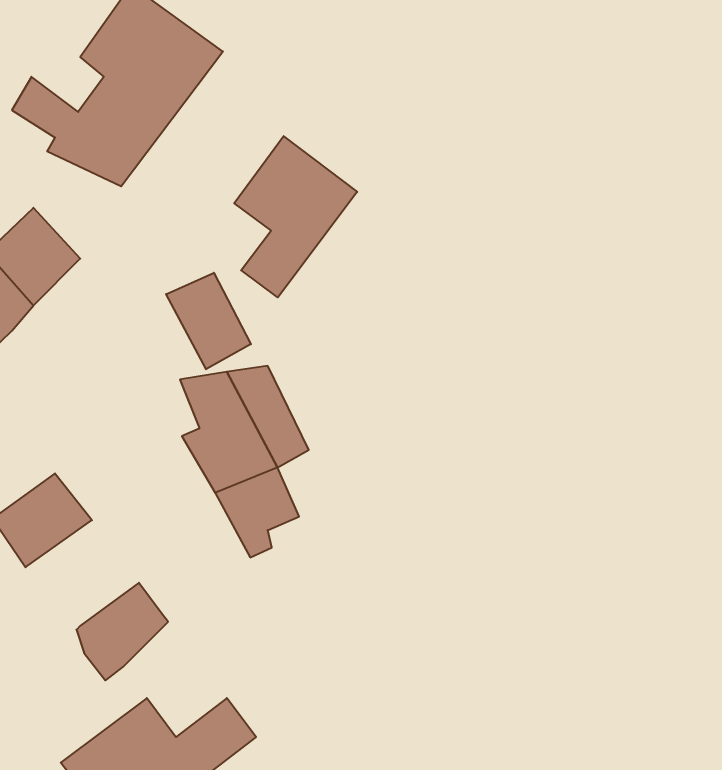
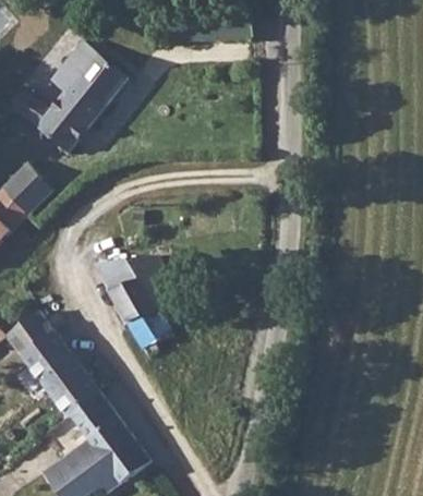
building: [234,136,357,297] -> none
building: [166,273,251,369] -> none
building: none -> [20,337,83,396]
building: none -> [74,394,132,458]

